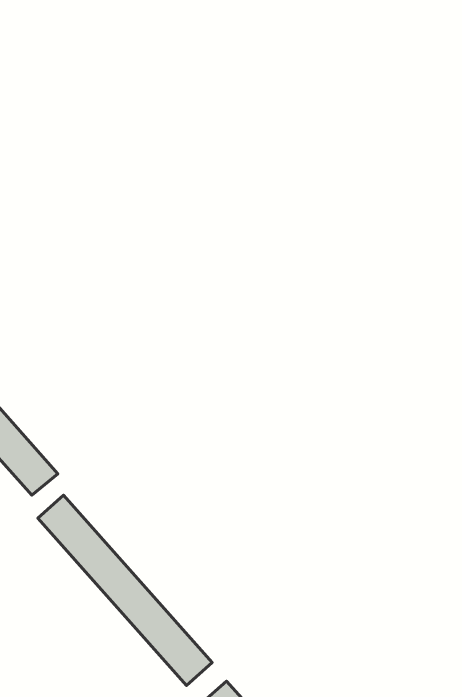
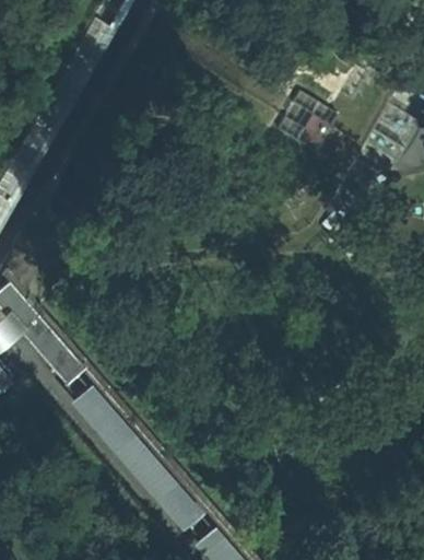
building: none -> [276,88,335,145]

